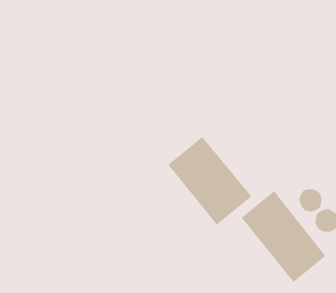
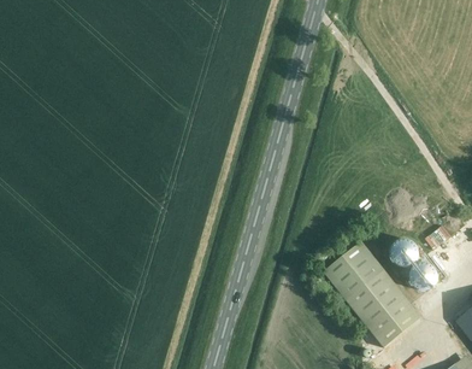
building: [167,136,252,225] -> none

